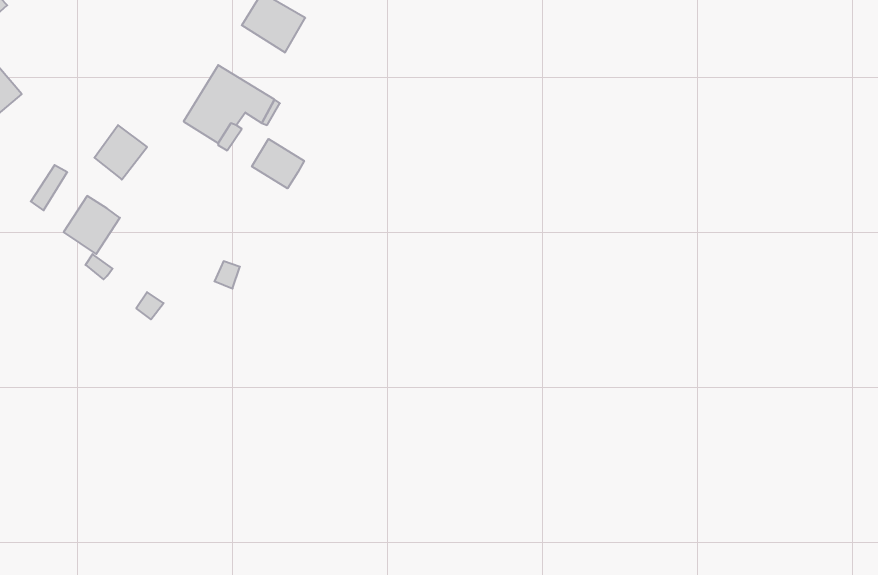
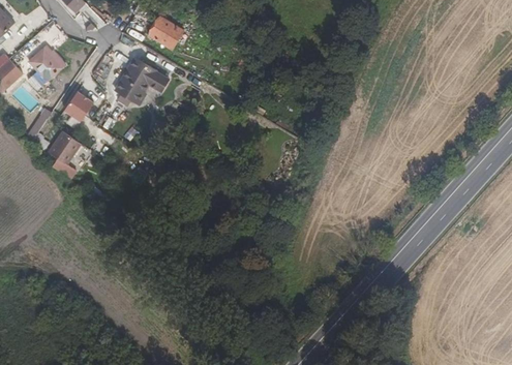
building: none -> [27,48,64,89]
building: [252,139,304,188] -> none

